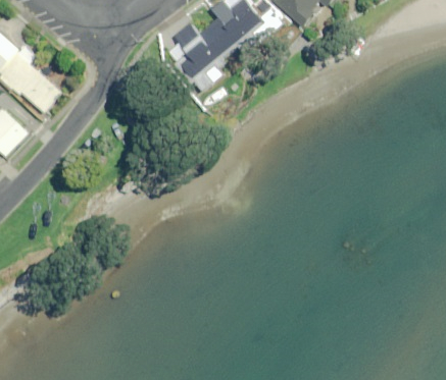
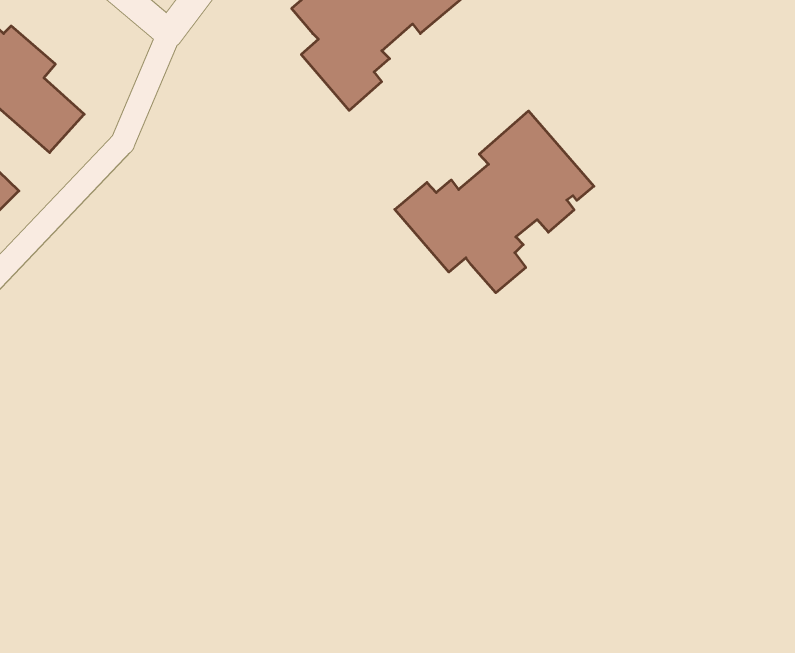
building: none -> [395,111,594,293]

